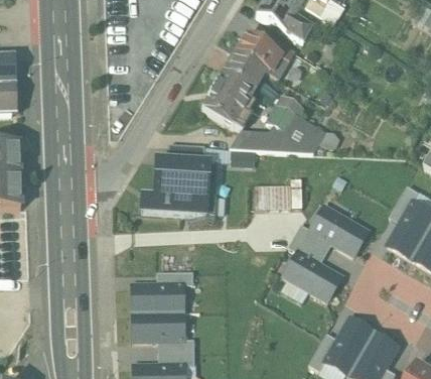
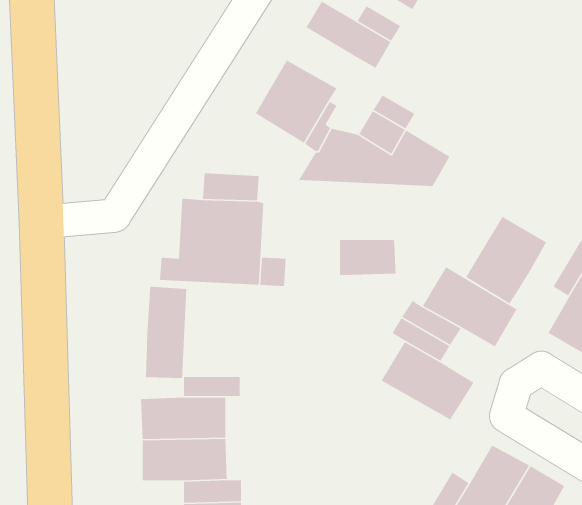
building: [224,51,268,90] -> none
building: none -> [465,216,547,305]
building: none -> [145,286,187,379]

